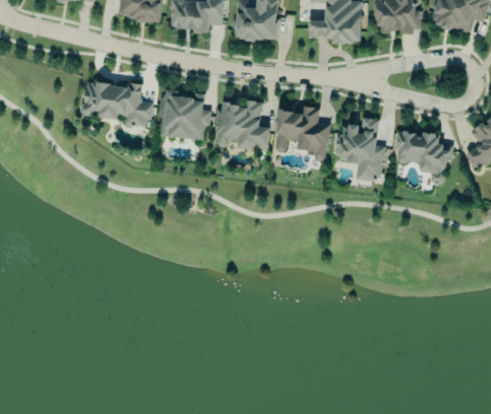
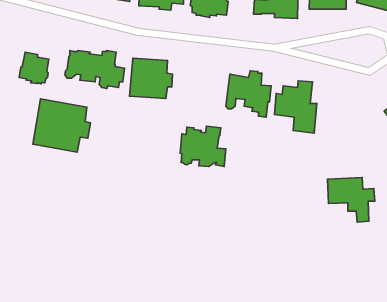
building: none -> [19,52,49,84]
building: [214,100,269,149] -> [180,126,226,167]
building: [395,132,452,186] -> [328,177,375,222]
building: none -> [33,99,91,152]

